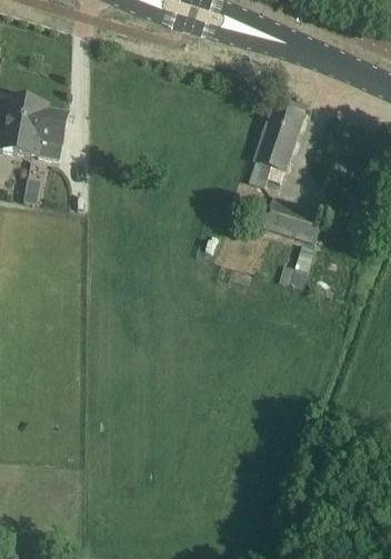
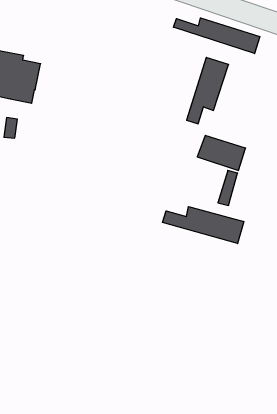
building: none -> [173,18,260,54]
building: none -> [163,207,244,244]

